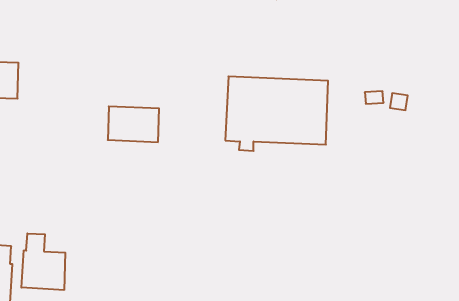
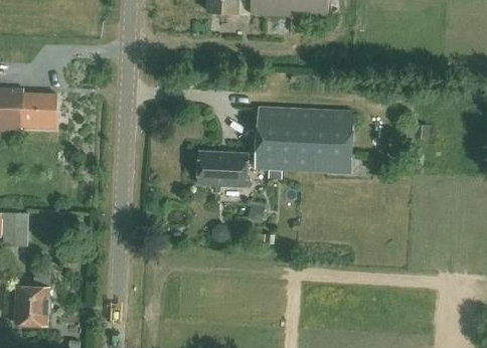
building: [108,106,159,142] -> [197,152,247,186]
building: [21,233,65,290] -> none

